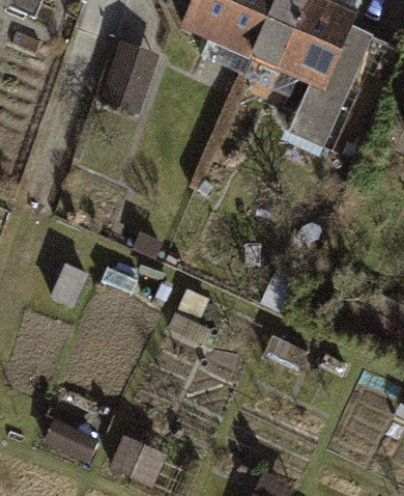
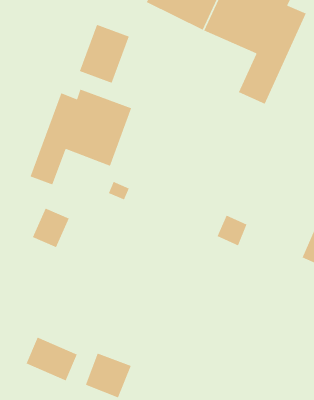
building: none -> [29,88,132,186]

